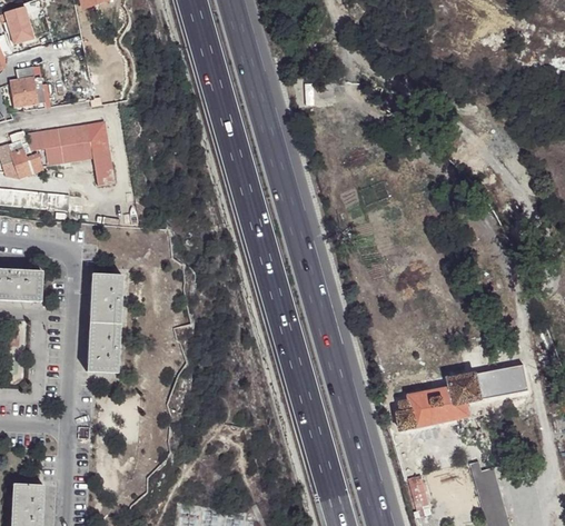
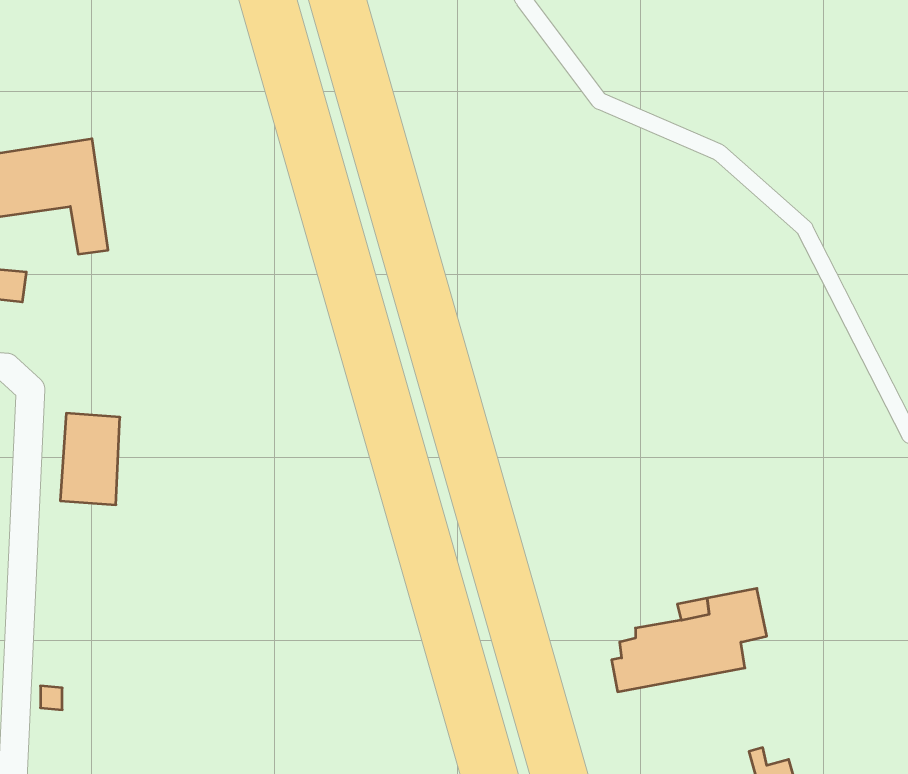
building: [87,322,120,374] -> none
building: [478,363,531,398] -> none

